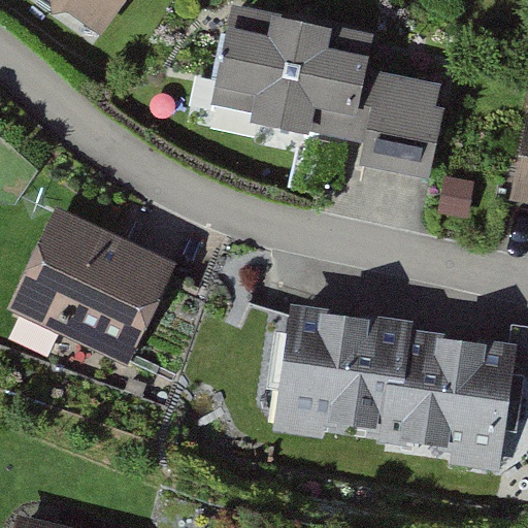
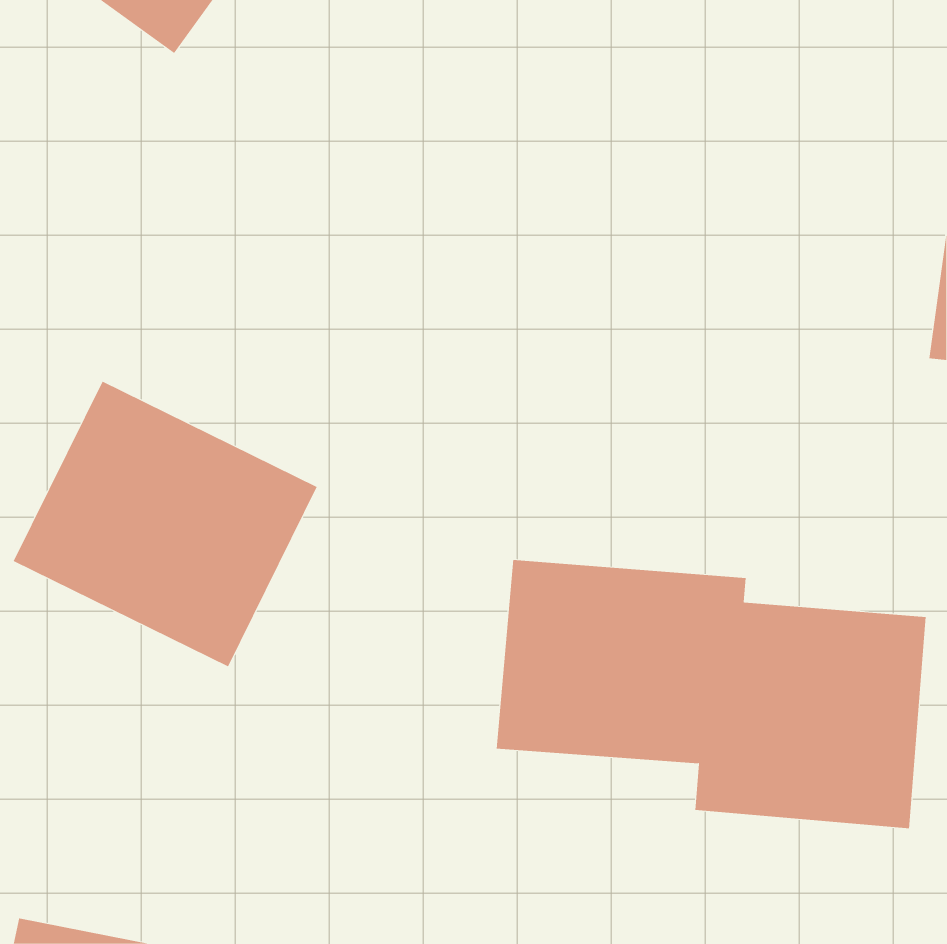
building: [218,21,446,155] -> none

